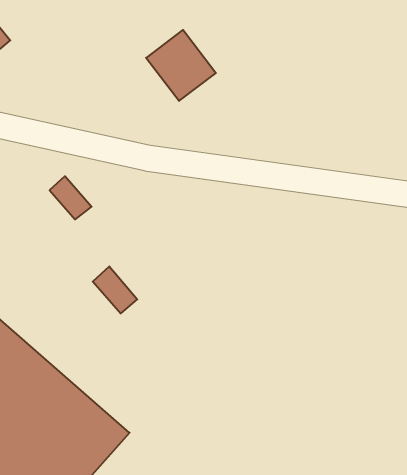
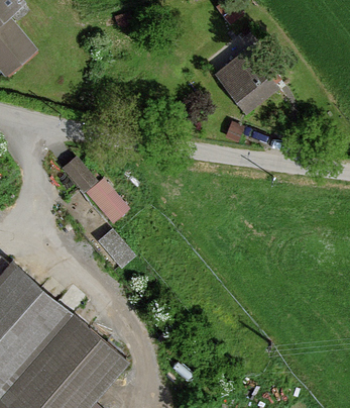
building: [146,30,216,101] -> [218,50,273,107]
building: none -> [84,180,128,226]

